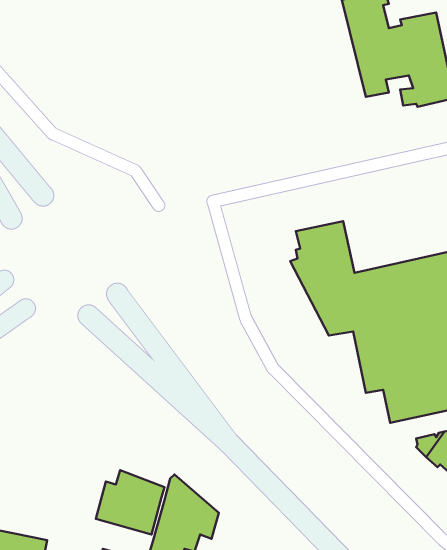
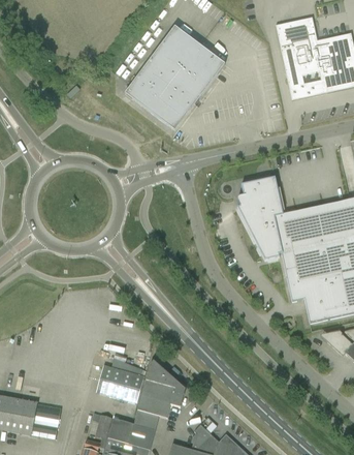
building: none -> [126,26,226,131]

